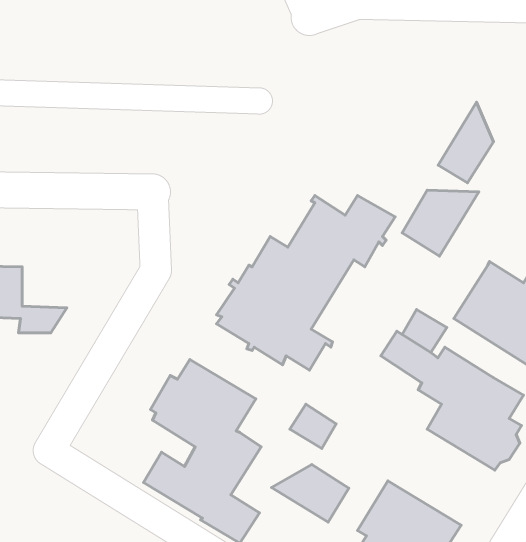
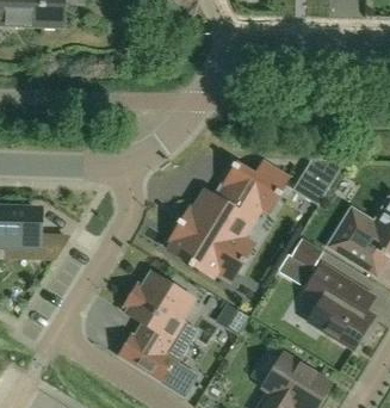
building: [438,102,494,183] -> none
building: [271,465,349,522] -> none

